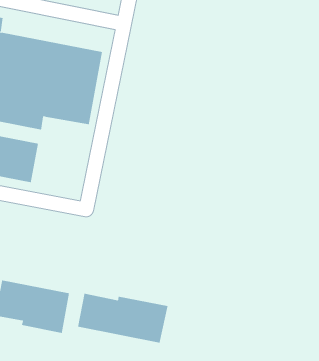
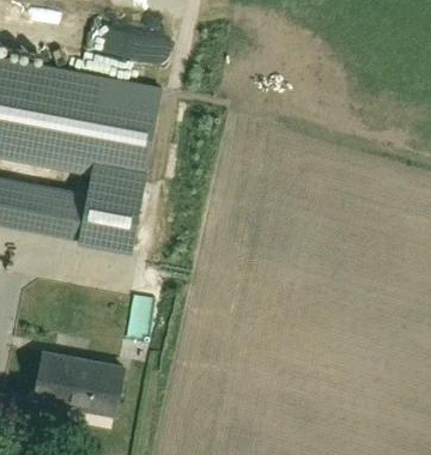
building: none -> [75,164,146,254]
building: [78,293,168,343] -> none

